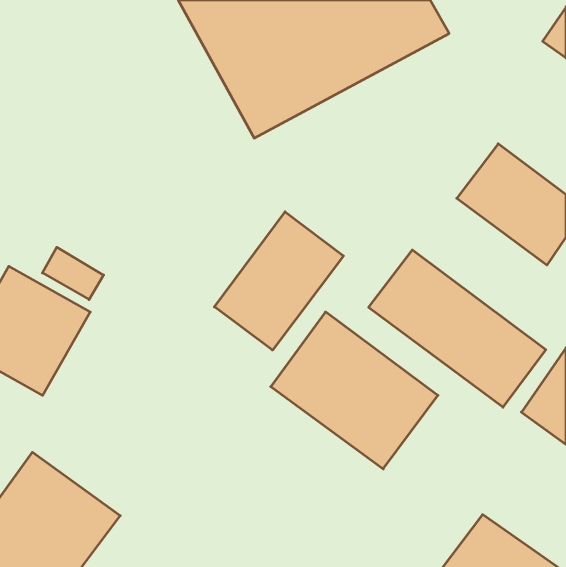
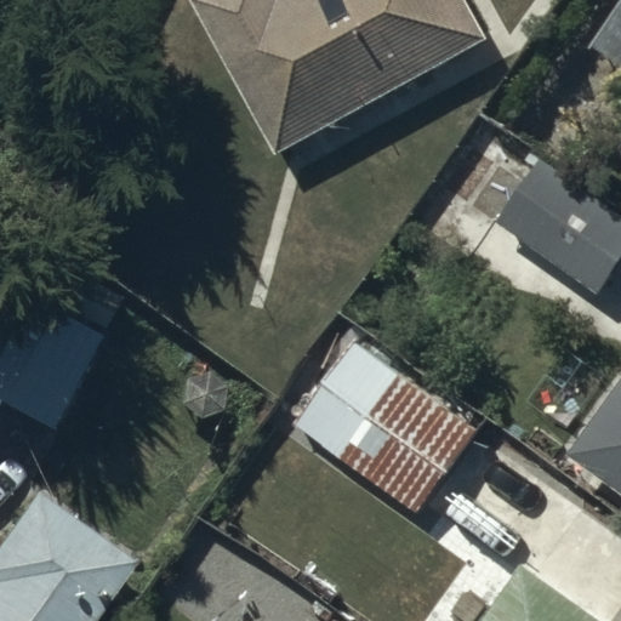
building: [214,212,343,350] -> none
building: [369,250,546,407] -> none

